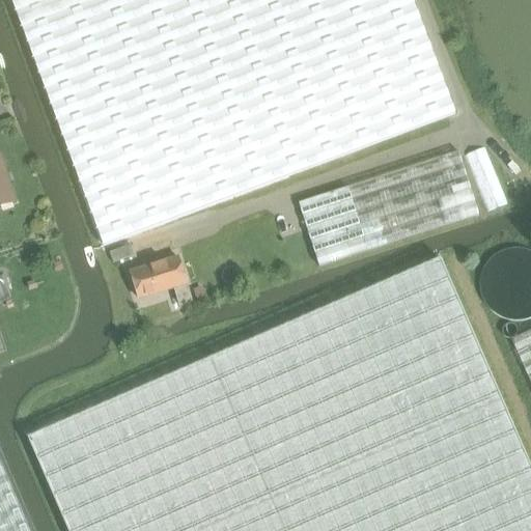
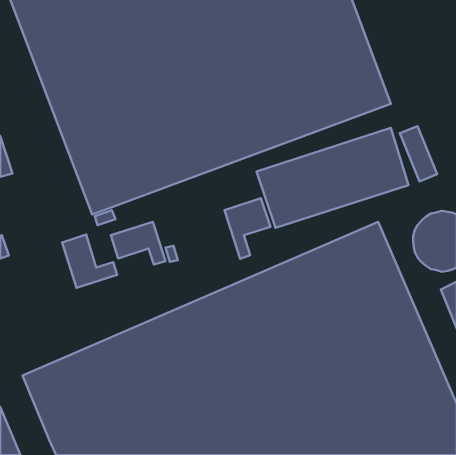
building: none -> [224,198,270,259]
building: none -> [62,234,117,288]

